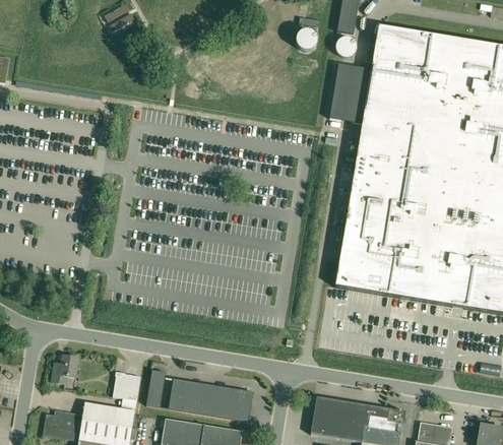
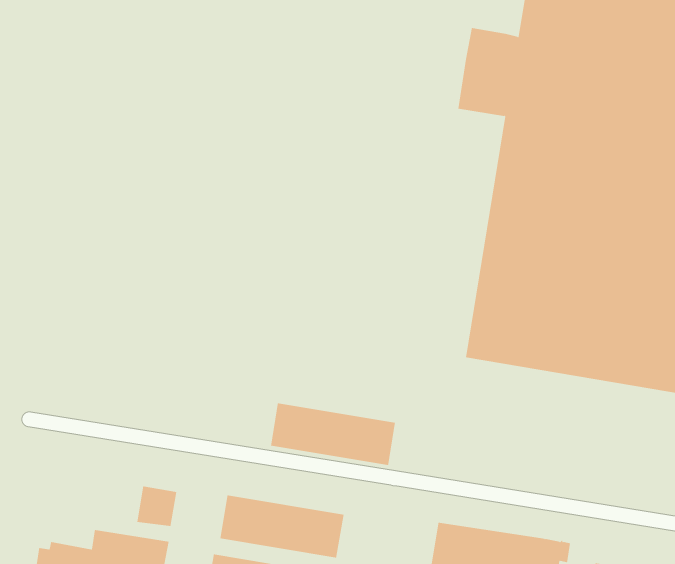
building: none -> [270,402,396,466]
building: [52,355,78,383] -> none
building: [146,369,166,406] -> none

